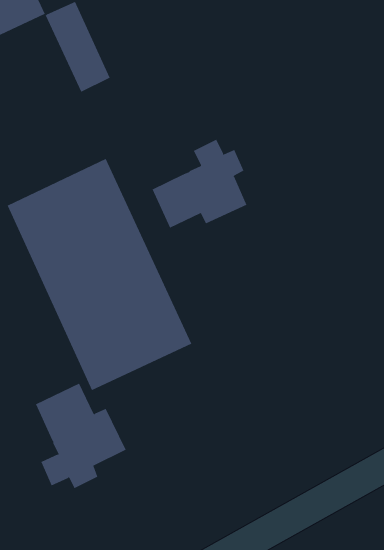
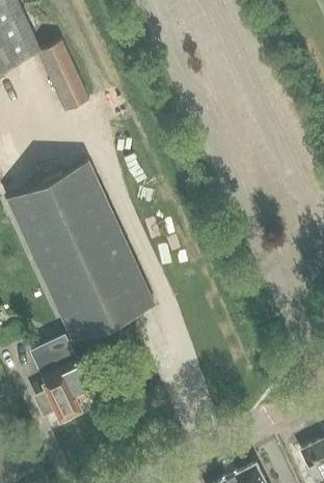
building: [152,139,247,228] -> none

